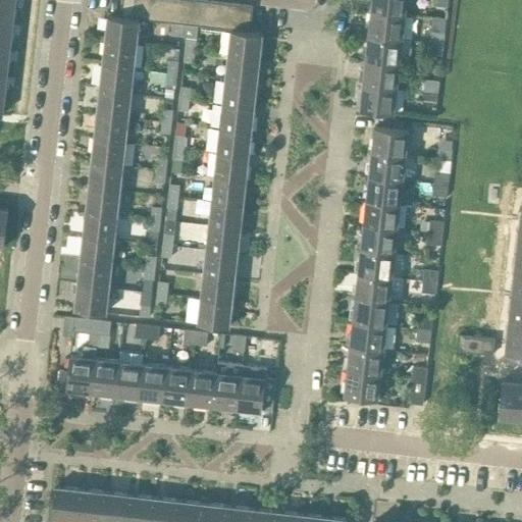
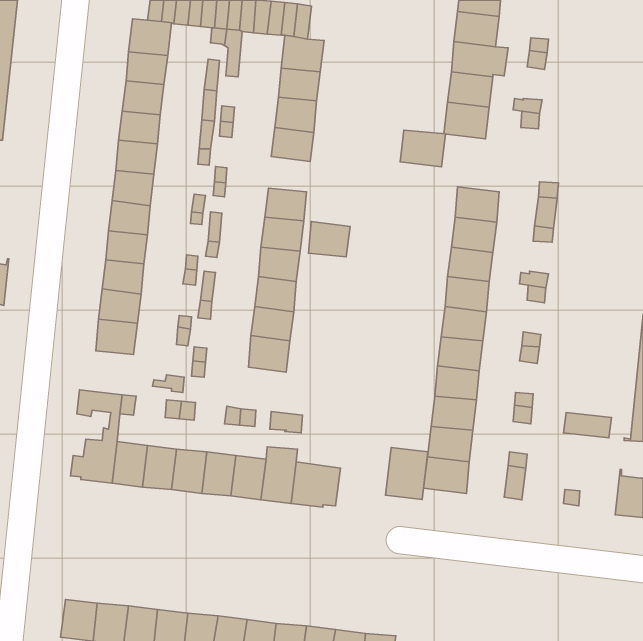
building: [370,128,407,158] -> [400,130,445,167]
building: [217,129,251,158] -> [308,222,350,257]
building: [74,286,108,315] -> none
building: [198,300,231,329] -> none
building: none -> [385,448,428,500]

